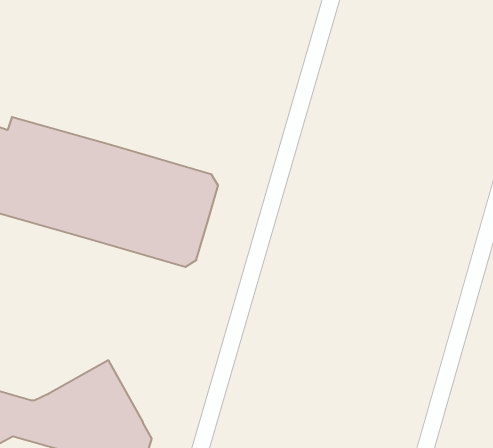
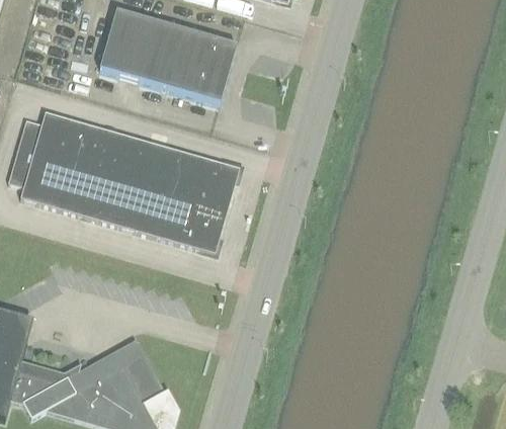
building: none -> [98,9,236,102]

